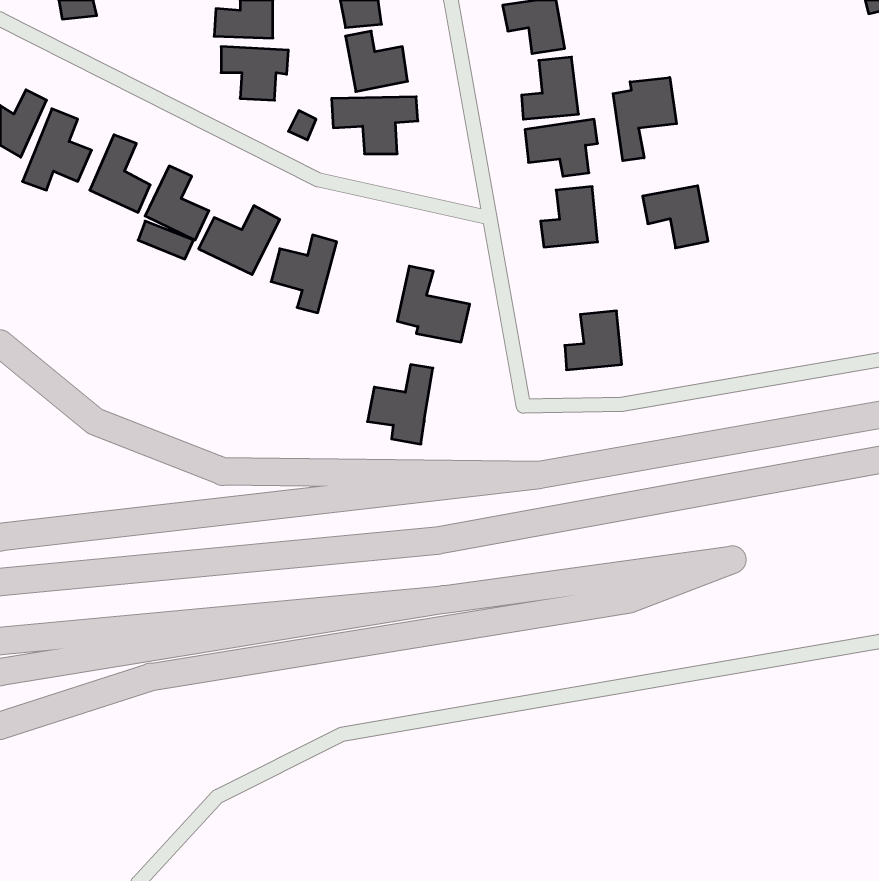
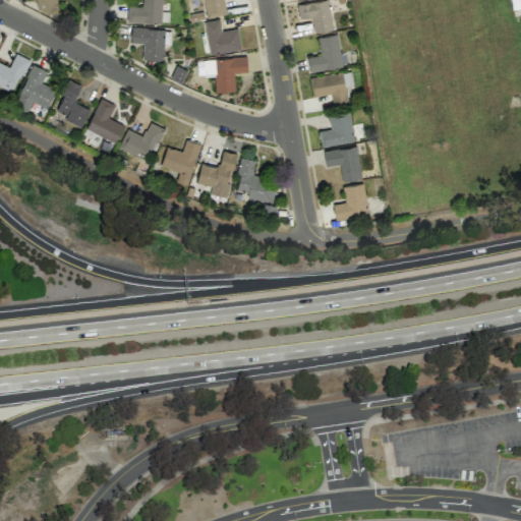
building: [613,77,677,161] -> none
building: [643,186,708,248] -> [325,146,363,182]
building: [367,365,433,444] -> [197,151,236,197]

